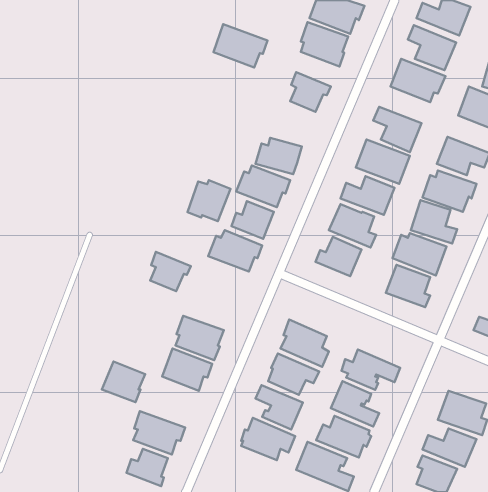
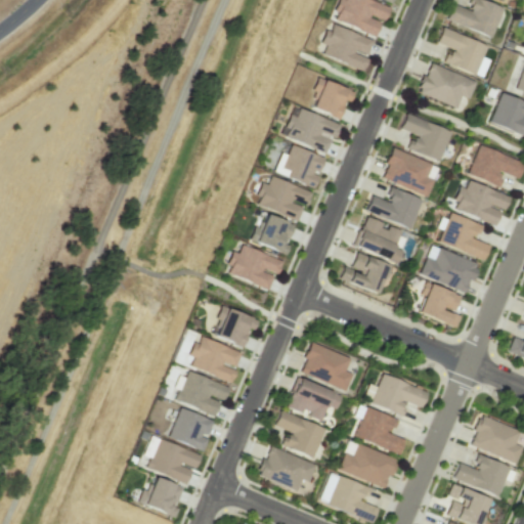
building: [214,24,268,67] -> [285,106,342,152]
building: [187,180,231,221] -> none
building: [150,252,191,291] -> [216,305,259,347]
building: [102,362,145,402] -> [169,407,215,450]

